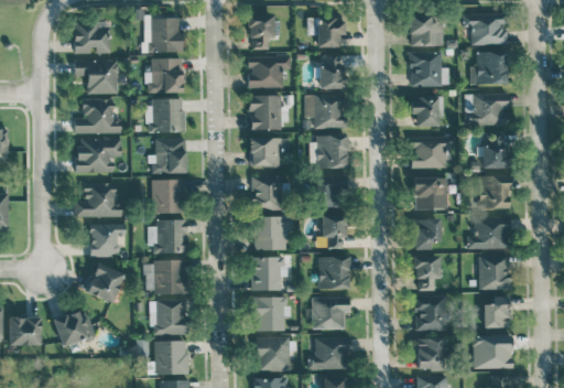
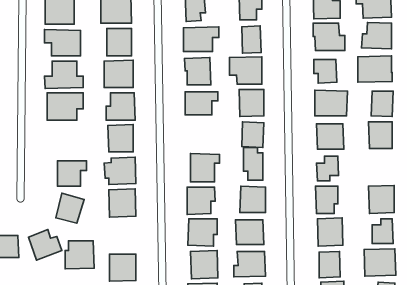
building: [251,176,285,211] -> none
building: [75,184,121,218] -> none
building: [467,218,510,250] -> none
building: [151,301,187,336] -> [65,241,94,269]

